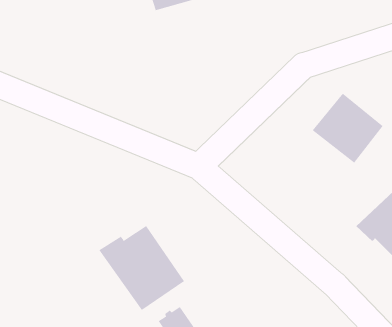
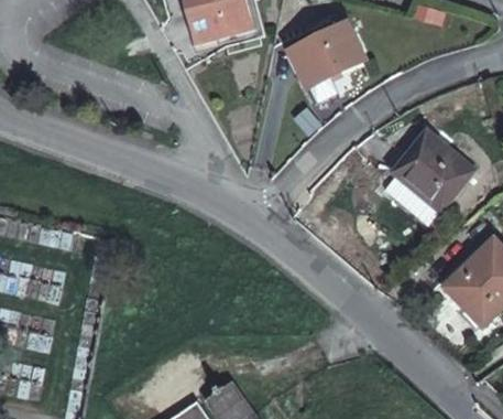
building: none -> [287,25,362,89]
building: [99,225,185,311] -> none

